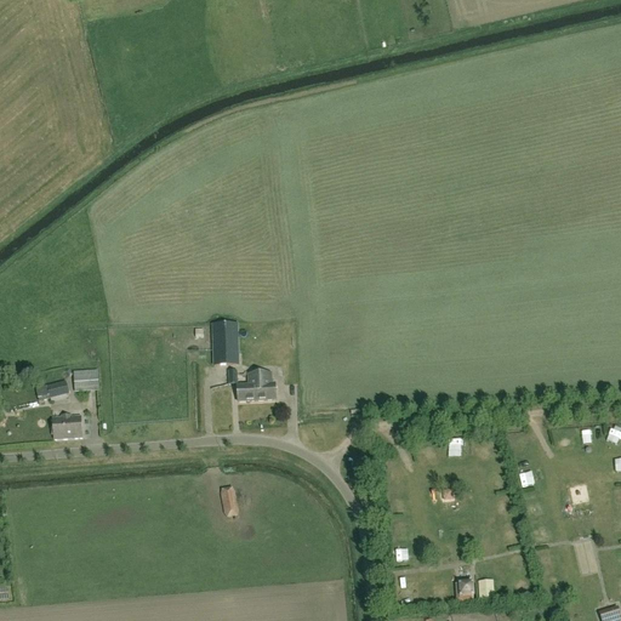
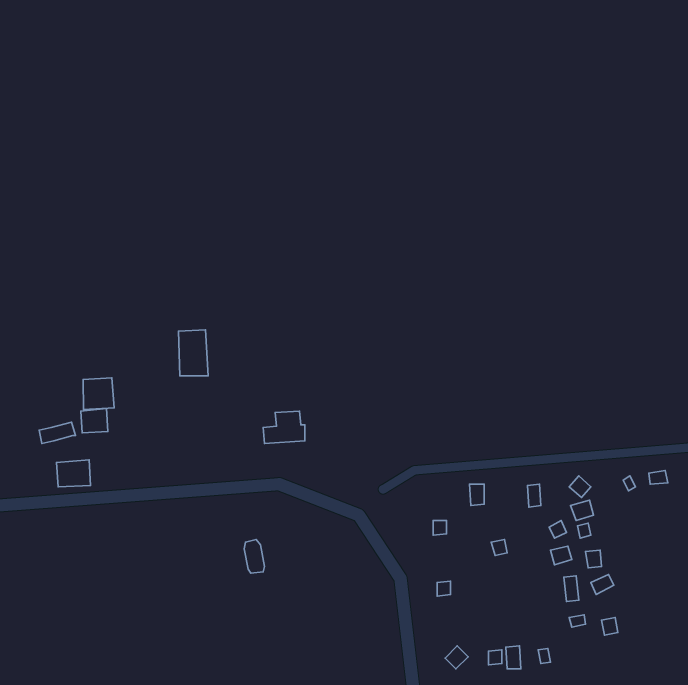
building: [211,321,238,363] -> [178,330,208,376]
building: none -> [83,378,114,410]

